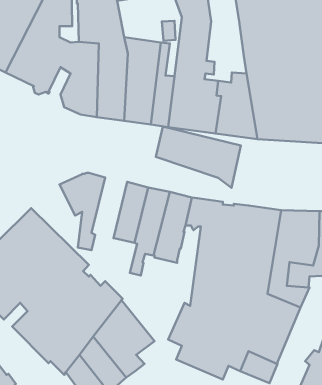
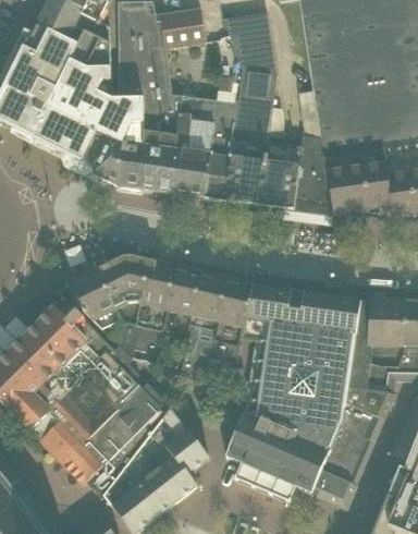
building: [156,126,241,188] -> none
building: none -> [134,260,176,353]
building: none -> [67,269,114,318]

